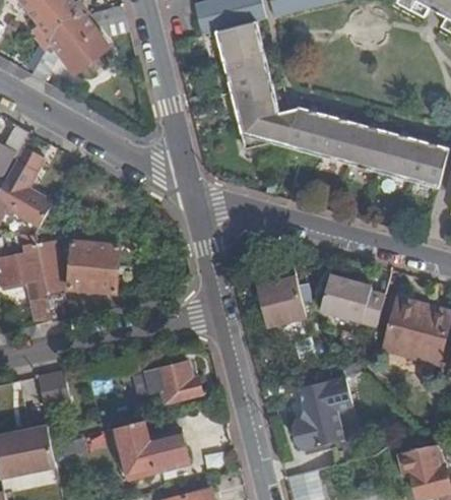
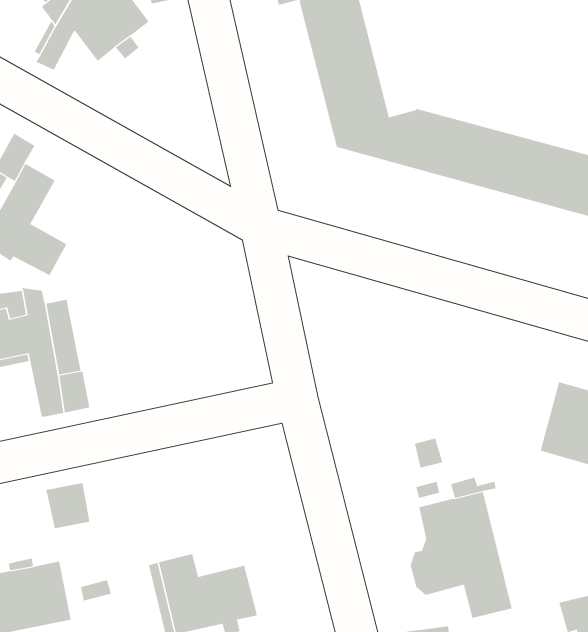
building: [68,241,120,292] -> none
building: [320,275,385,325] -> none
building: [257,276,307,326] -> none
building: [146,361,202,402] -> none

